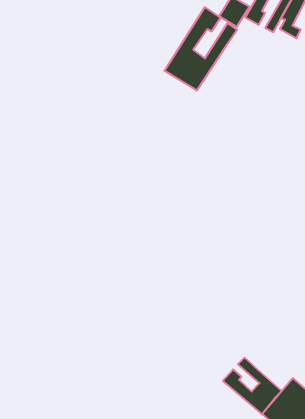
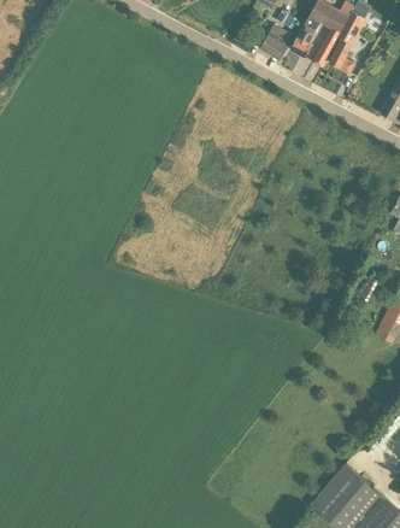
building: [165,7,237,91] -> none
building: [223,358,281,414] -> none

